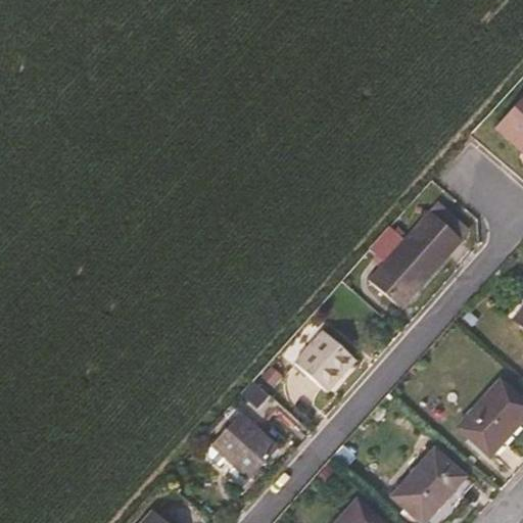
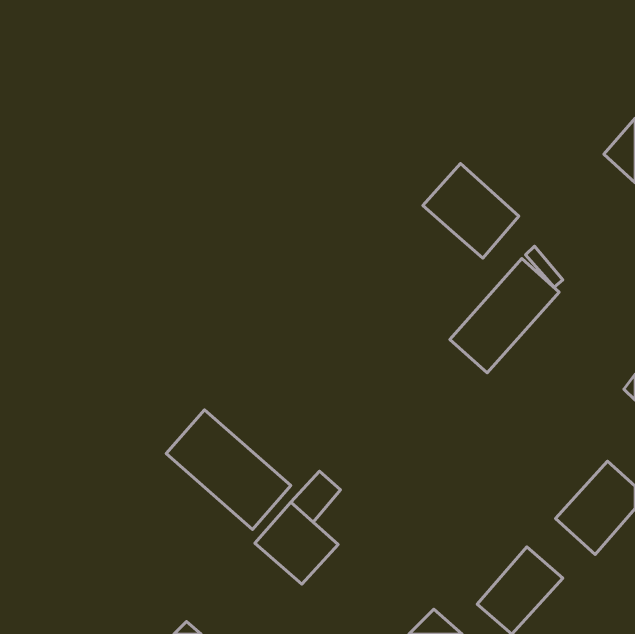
building: none -> [423,163,519,258]
building: [297,334,354,391] -> none
building: none -> [166,410,291,530]

